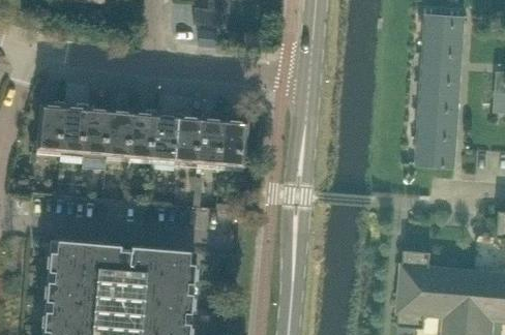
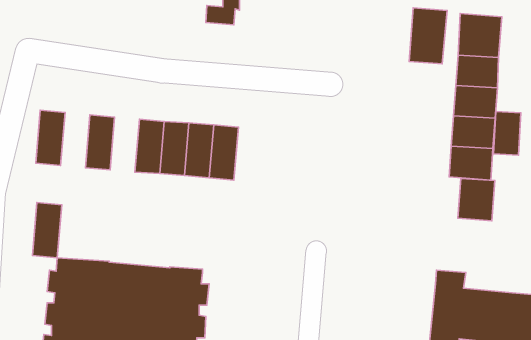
building: none -> [409,8,447,64]
building: none -> [493,112,521,155]
building: [59,105,86,156] -> [32,203,62,258]
building: [105,110,131,160] -> none
building: [218,119,246,170] -> none
building: none -> [458,178,495,221]

